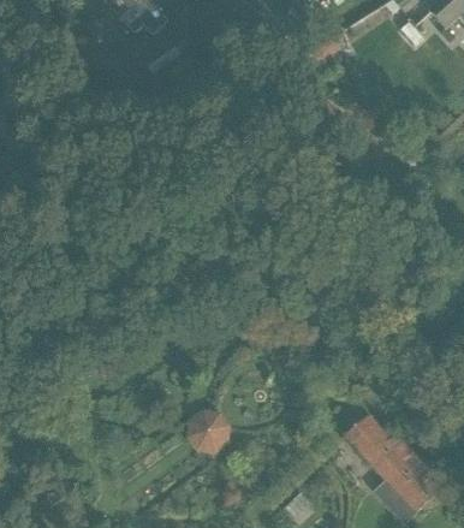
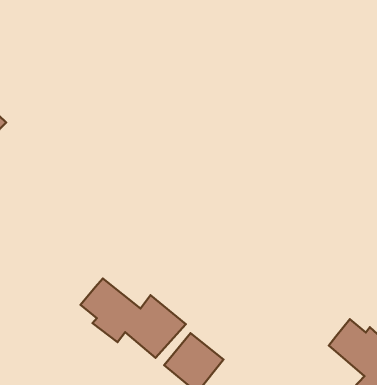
building: none -> [81,278,186,358]

